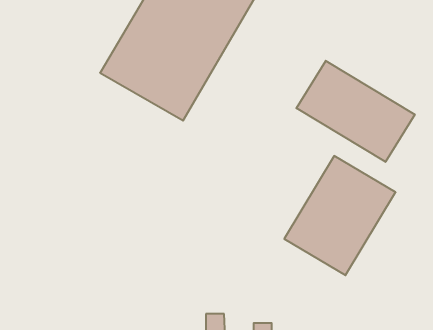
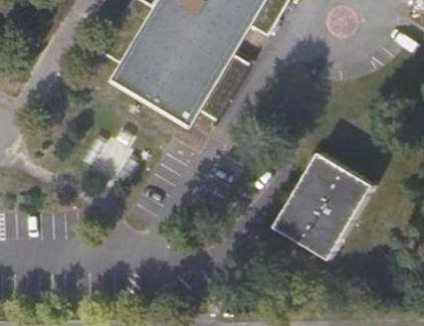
building: [296,61,415,162] -> none

